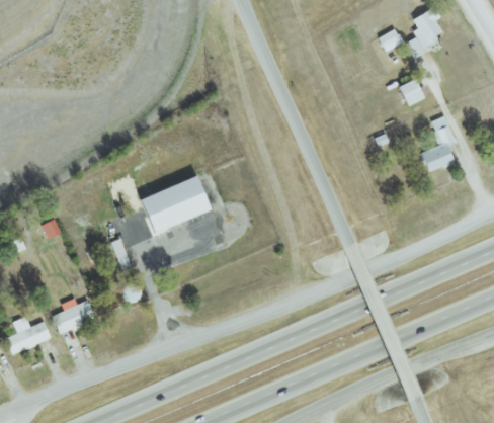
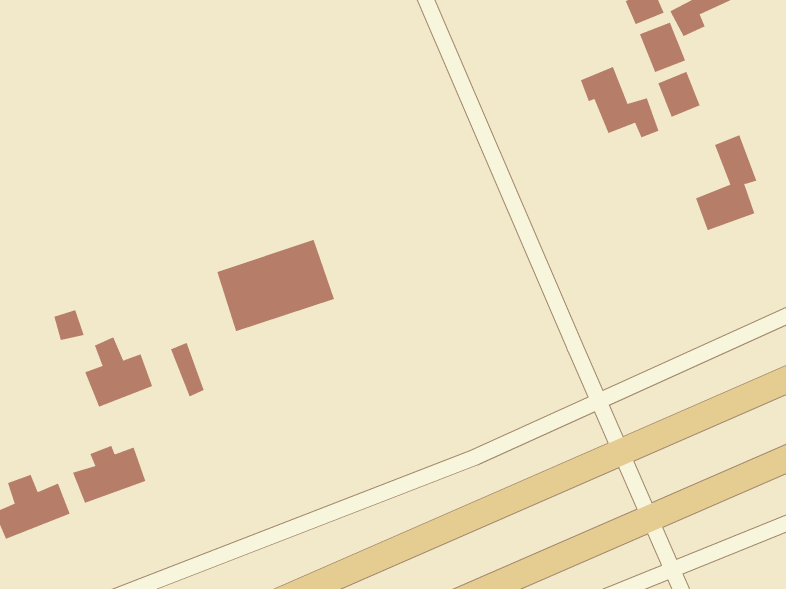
building: none -> [639,22,686,73]
building: none -> [580,66,659,138]
building: none -> [84,337,153,408]

